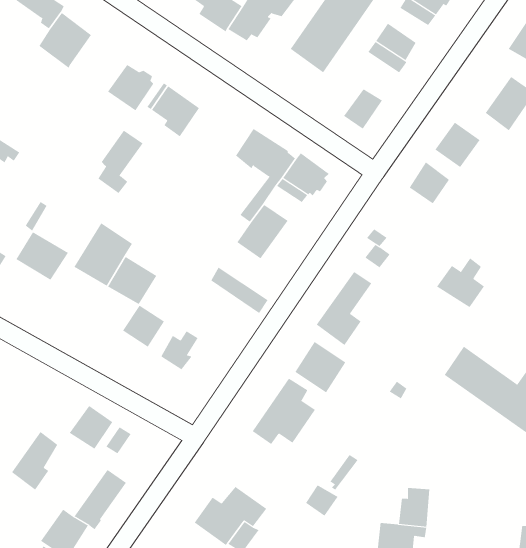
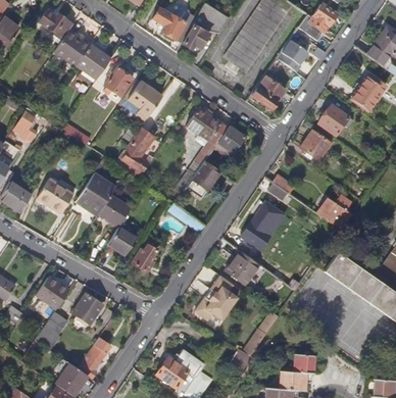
building: none -> [75,45,108,80]
building: [98,130,143,194] -> [122,125,153,167]
building: none -> [36,276,68,307]

